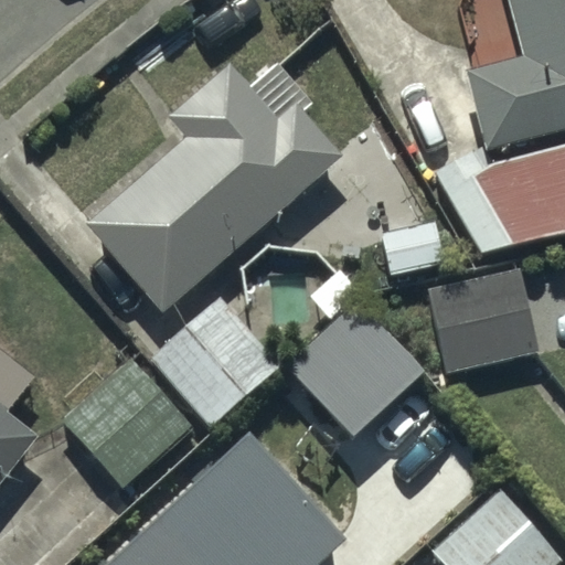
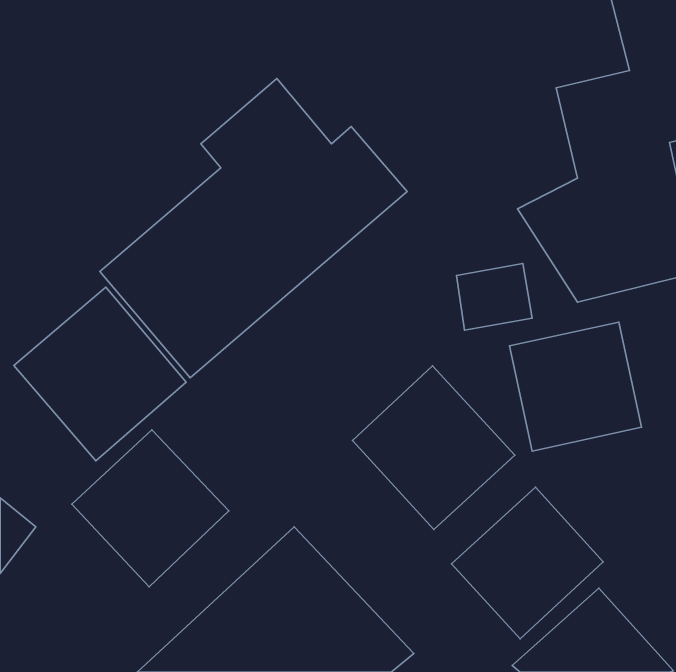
building: none -> [14,287,186,461]
building: [149,295,280,427] -> none
building: none -> [451,487,603,639]

